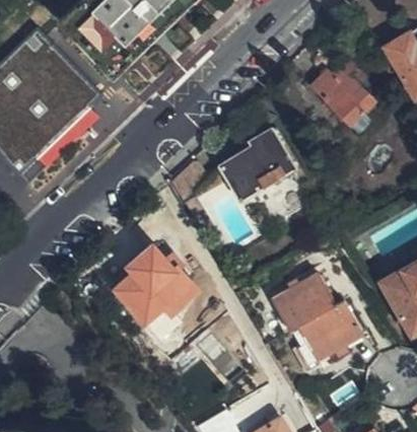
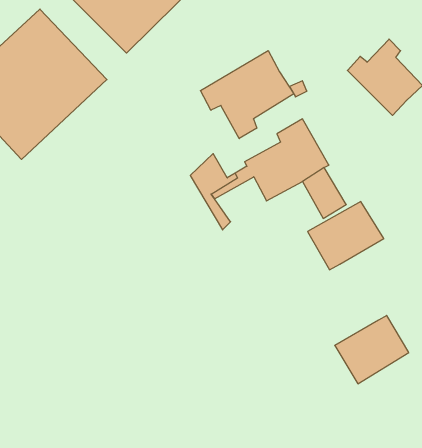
building: none -> [200,51,294,139]
building: [116,247,195,330] -> none
building: [269,273,336,333] -> [308,202,384,270]

